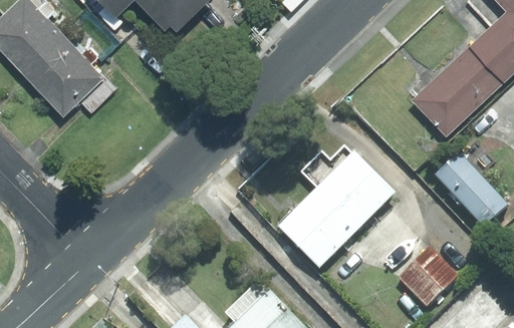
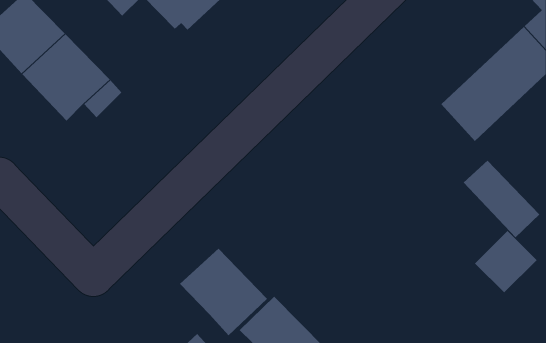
building: [279,145,396,267] -> none
building: none -> [179,248,268,336]
building: [399,246,458,305] -> [474,230,538,293]

